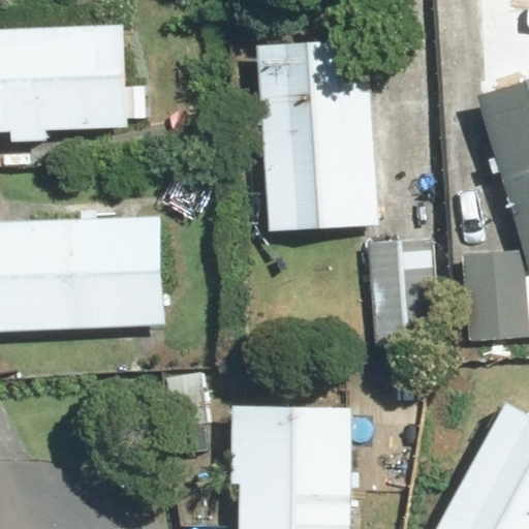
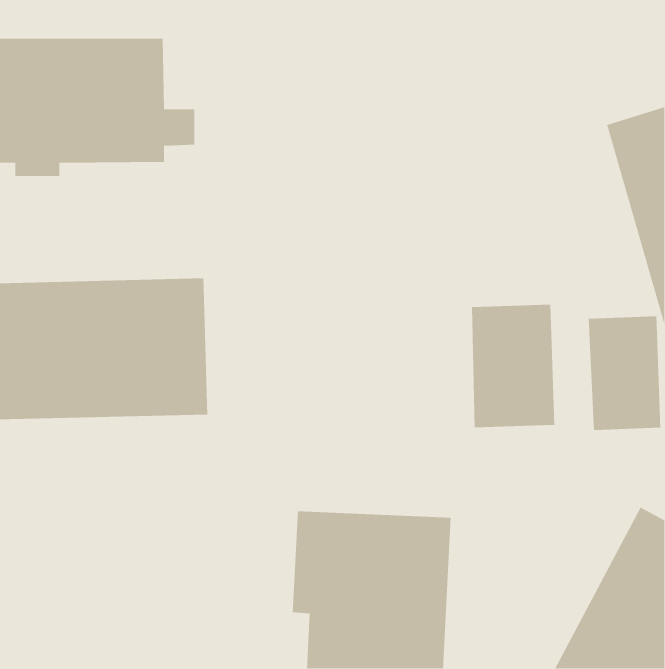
building: [262,29,376,229] -> none

